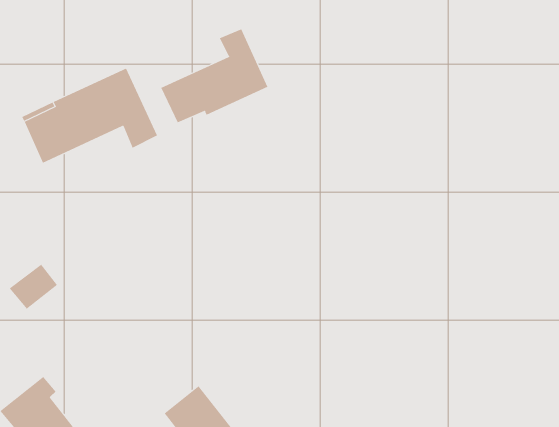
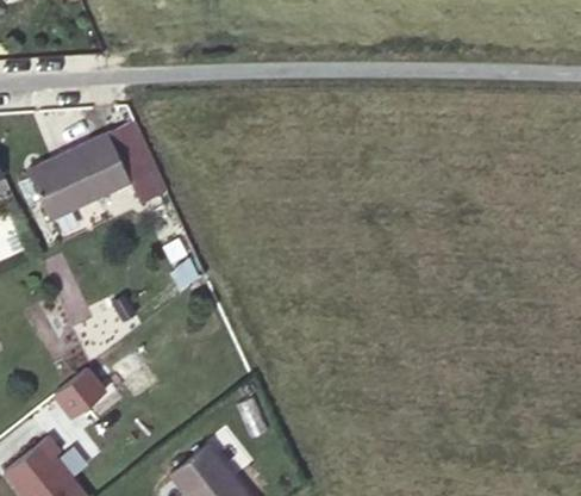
building: [161,28,268,123] -> none
building: [9,264,58,309] -> [55,371,105,417]

